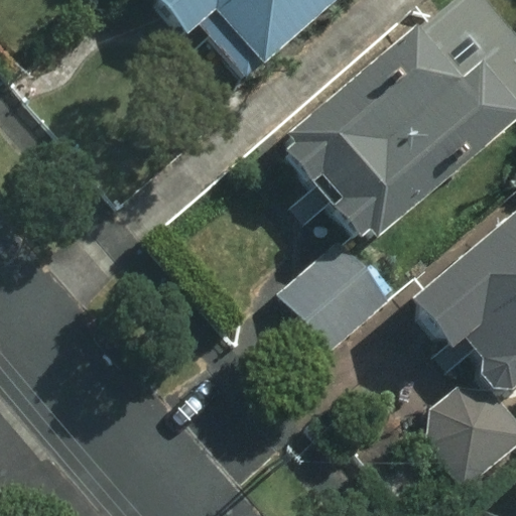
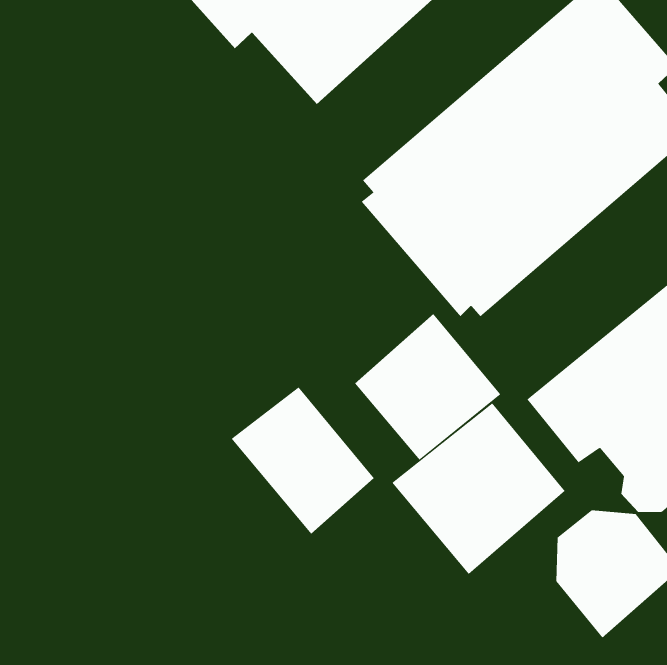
building: none -> [231,386,375,534]
building: none -> [391,402,565,575]

